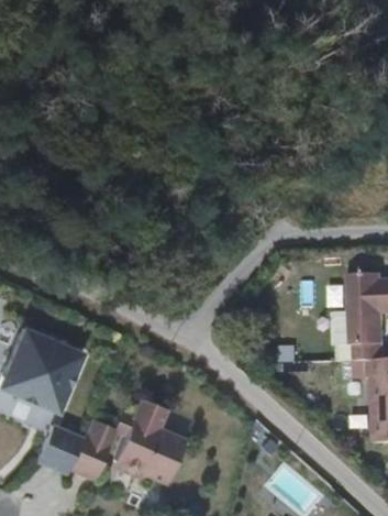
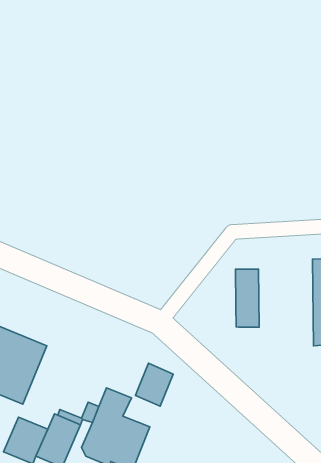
building: none -> [235,269,259,327]
building: none -> [135,363,173,406]

